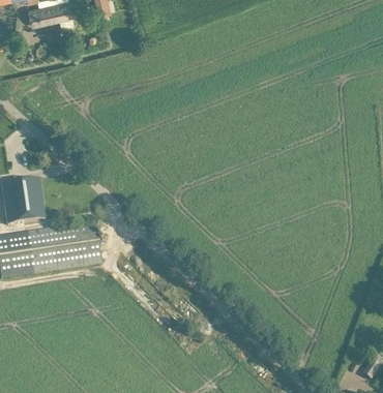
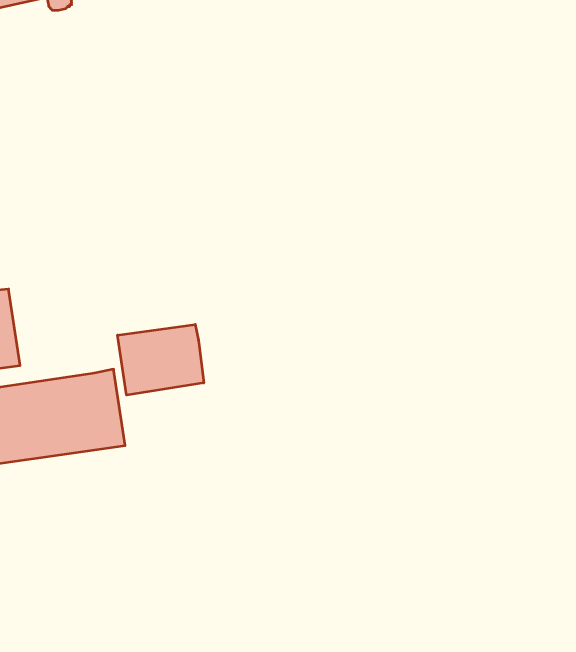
building: none -> [118,324,204,395]

